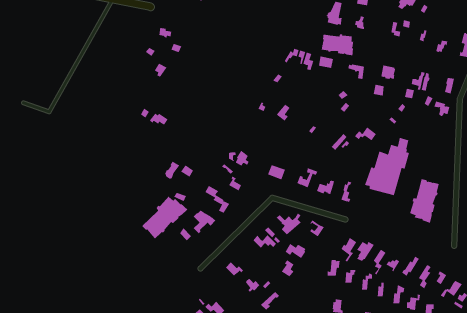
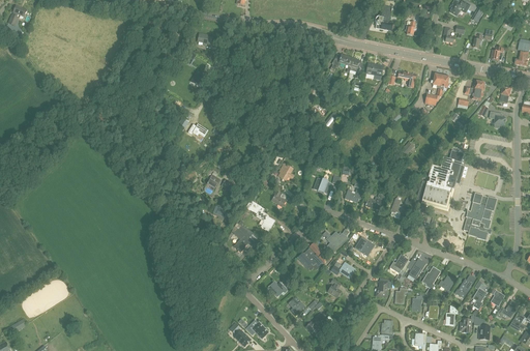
building: [321,33,354,56] -> none
building: [141,196,188,241] -> none

